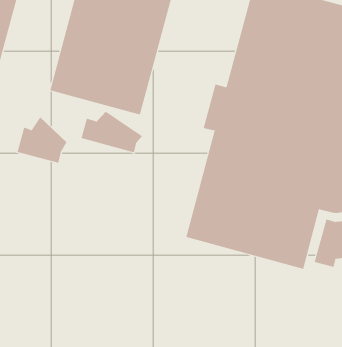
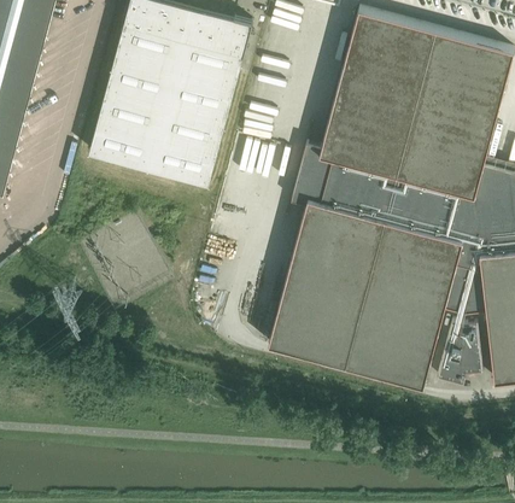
building: [81,111,143,153] -> none
building: [17,116,67,164] -> none

